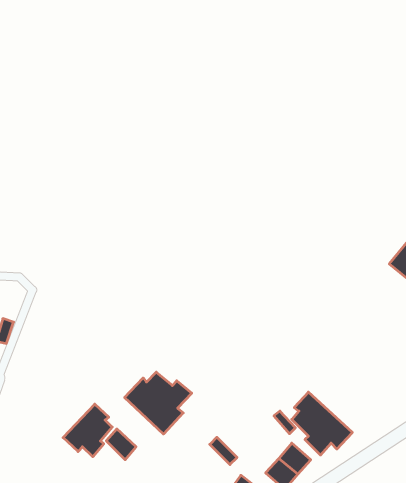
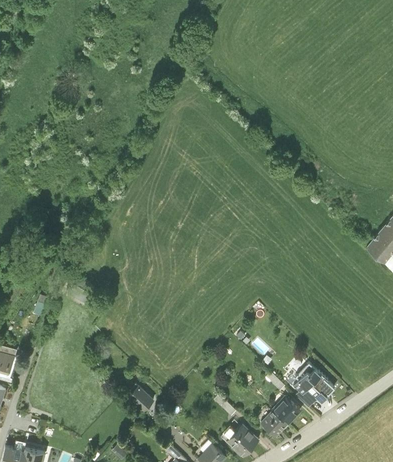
building: [125,372,192,434] -> none
building: [63,404,112,457] -> none

